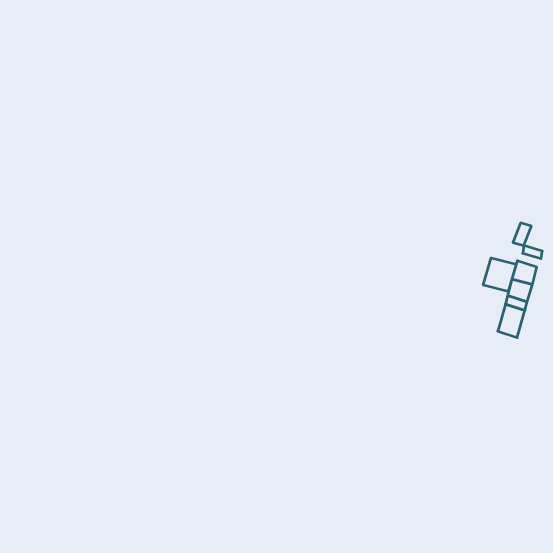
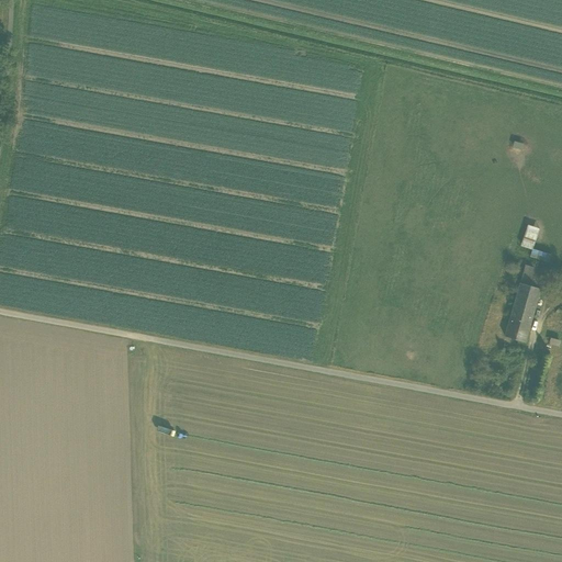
building: [483,258,516,291] -> none

